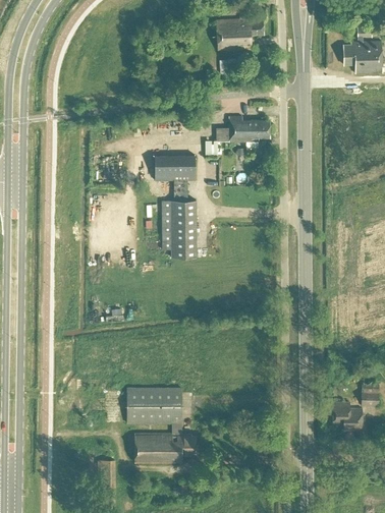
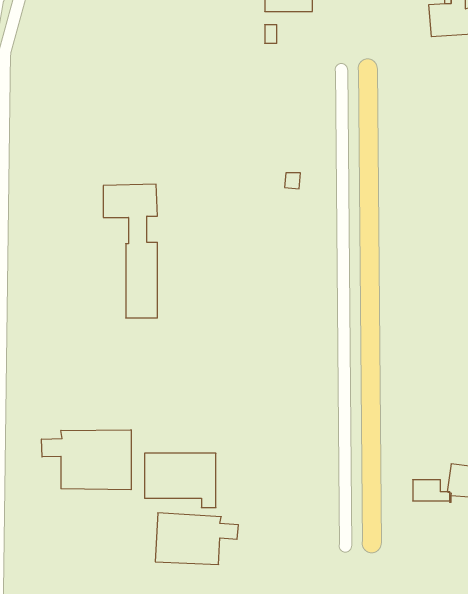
building: [211,116,264,141] -> none
building: [149,155,190,258] -> [103,184,157,318]
building: none -> [42,430,131,490]

